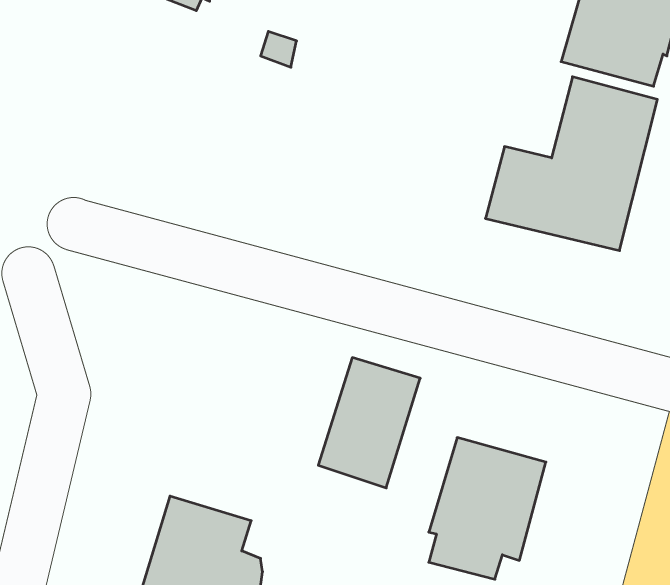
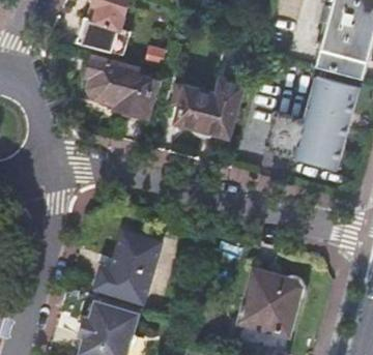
building: none -> [84,57,159,120]
building: none -> [175,87,238,138]
building: [318,358,420,488] -> [106,232,162,303]

